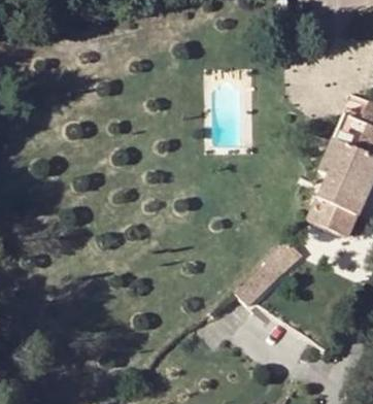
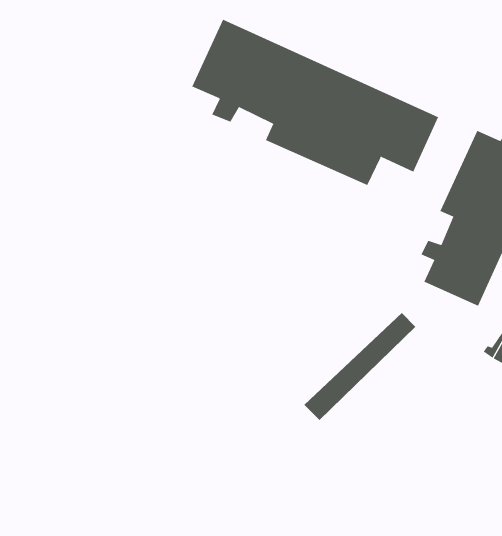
building: none -> [192,19,439,186]

